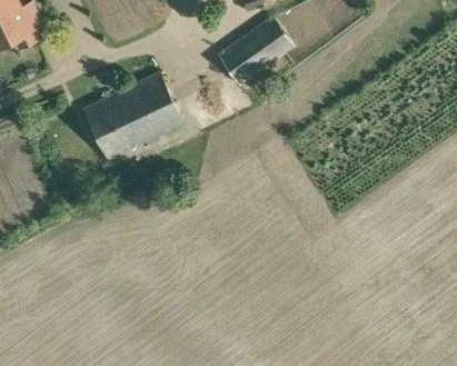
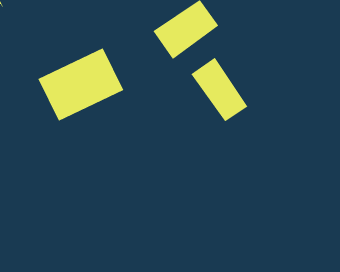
building: none -> [191,57,248,122]

